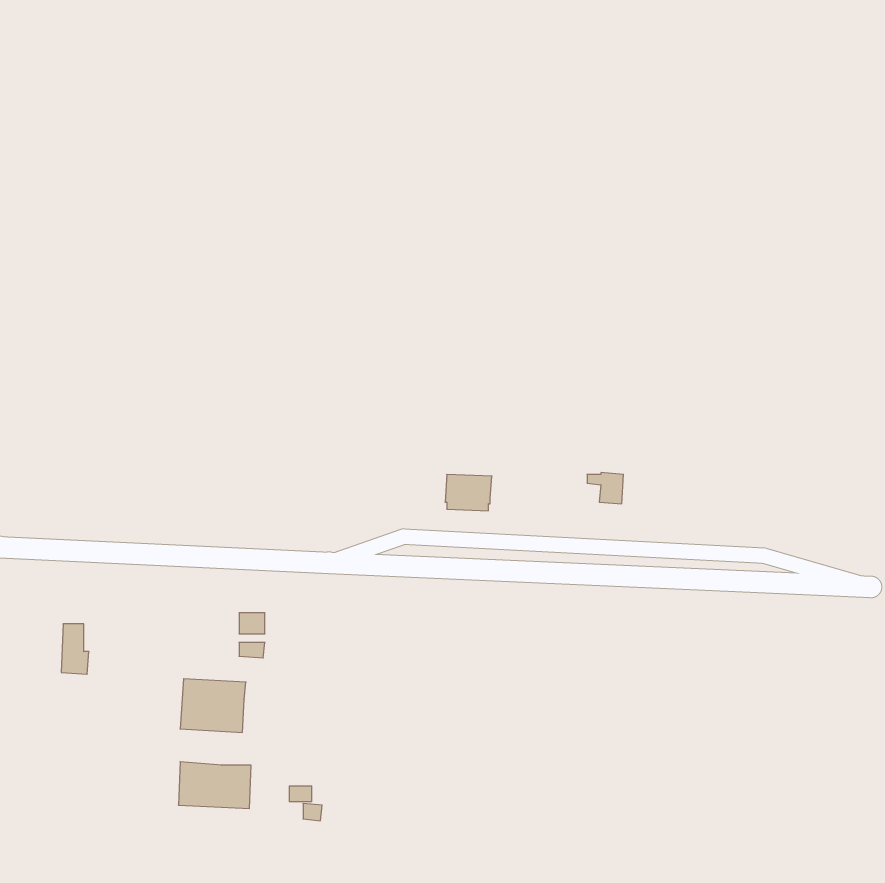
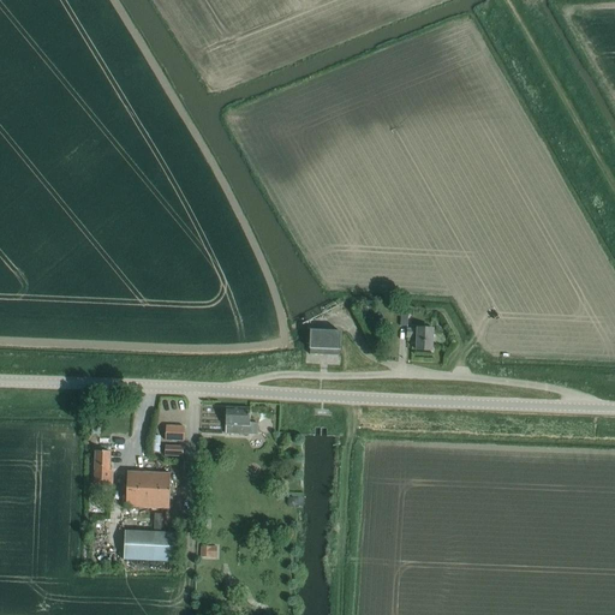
building: none -> [225,406,257,432]
building: [61,624,89,674] -> [94,450,113,485]

